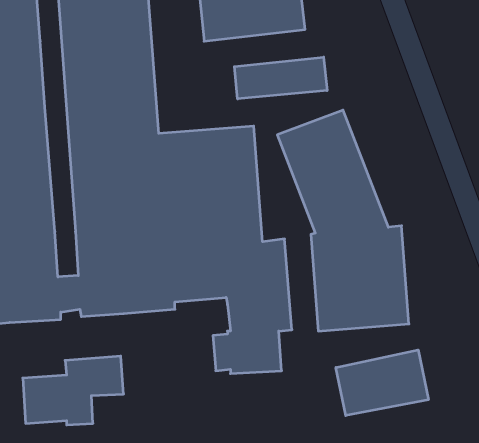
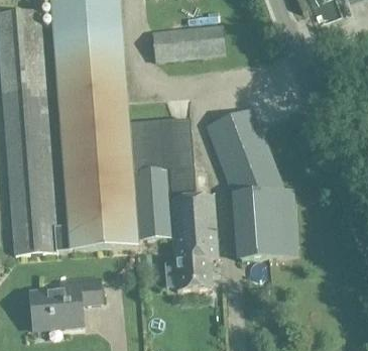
building: [234,57,327,99] -> none
building: [336,350,428,416] -> none

